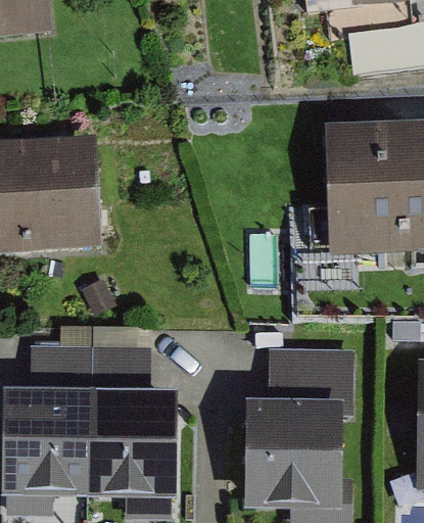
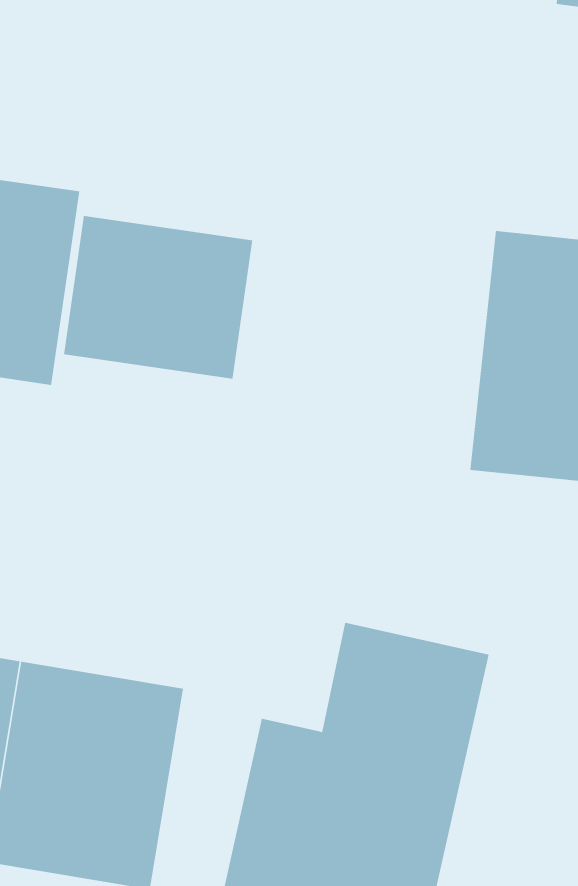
building: none -> [63,215,253,380]

